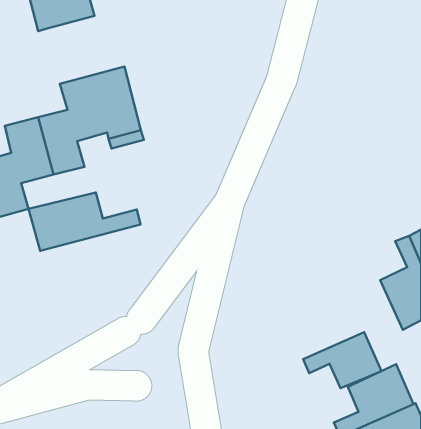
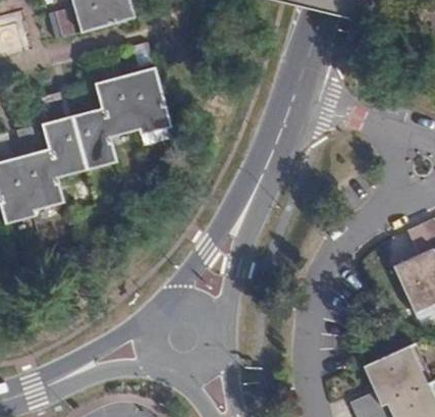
building: [29,192,140,251] -> none
building: [303,332,381,388] -> none

